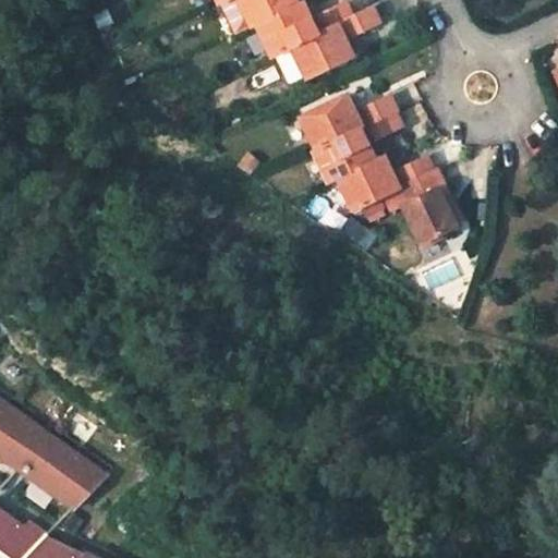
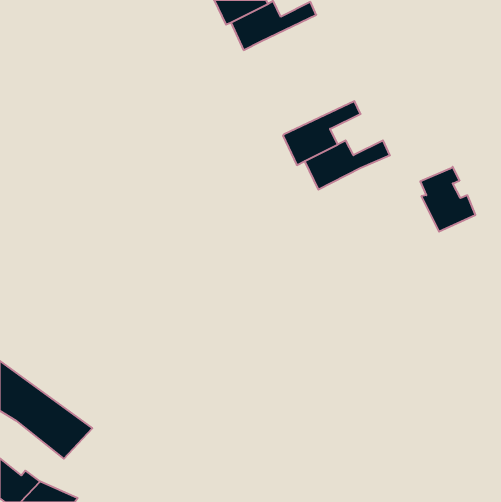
building: [290,7,378,77] -> none
building: [300,94,397,149] -> none
building: [400,170,461,242] -> [420,167,475,232]

